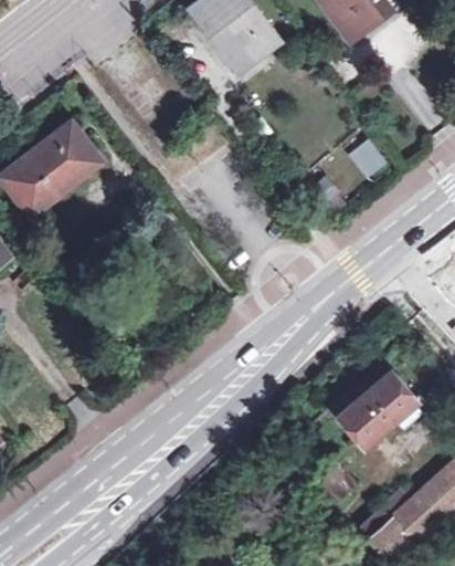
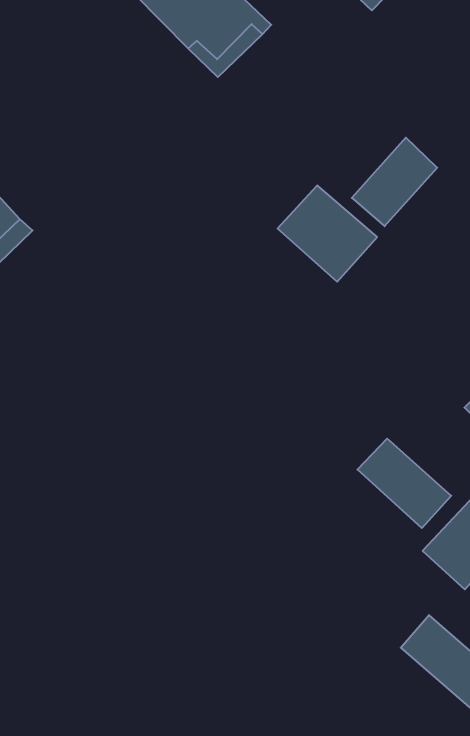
building: none -> [278,185,377,282]
building: none -> [357,439,451,528]

